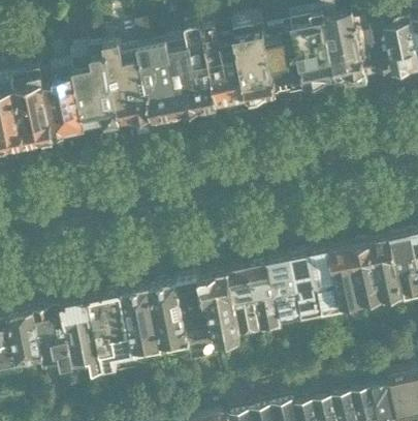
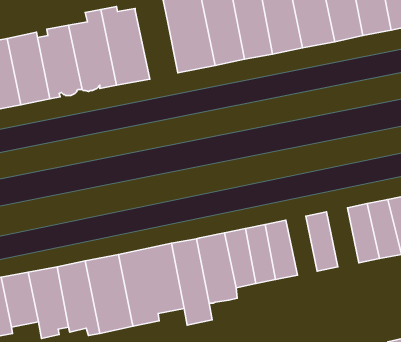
building: [139,48,182,119] -> none
building: [329,247,361,306] -> none
building: [289,255,320,314] -> none

